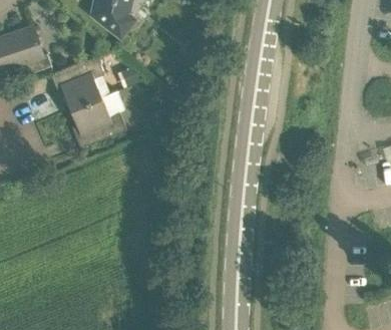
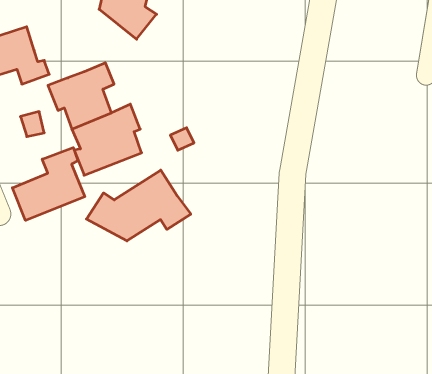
building: none -> [12,148,85,220]
building: none -> [86,170,191,241]

